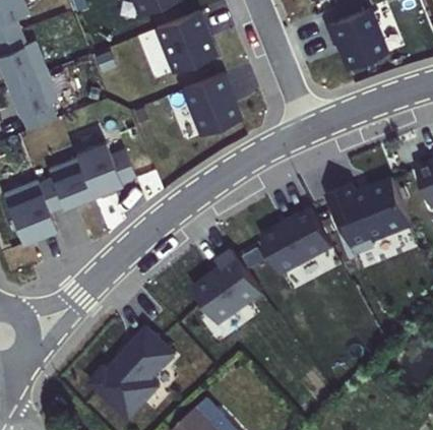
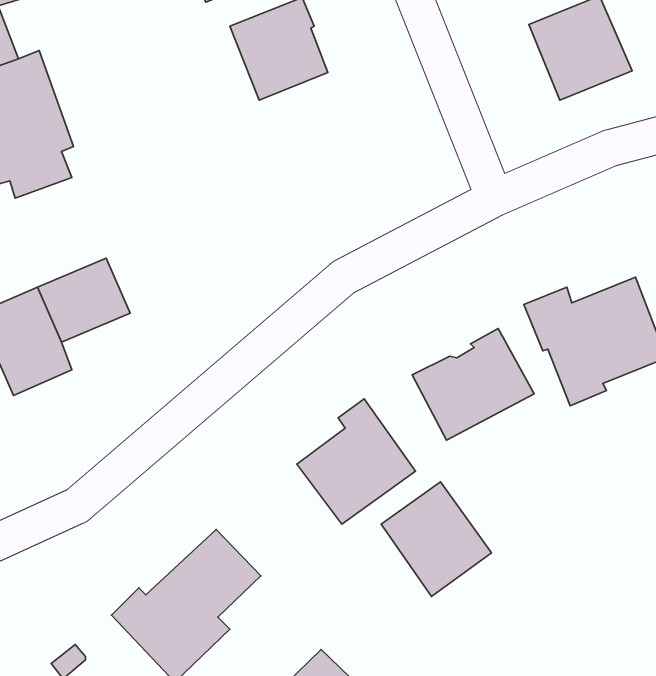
building: [178,73,236,136] -> none
building: [73,141,136,199] -> none
building: none -> [381,482,492,596]

